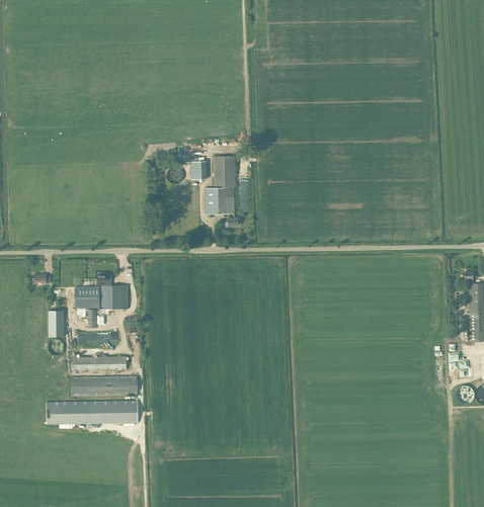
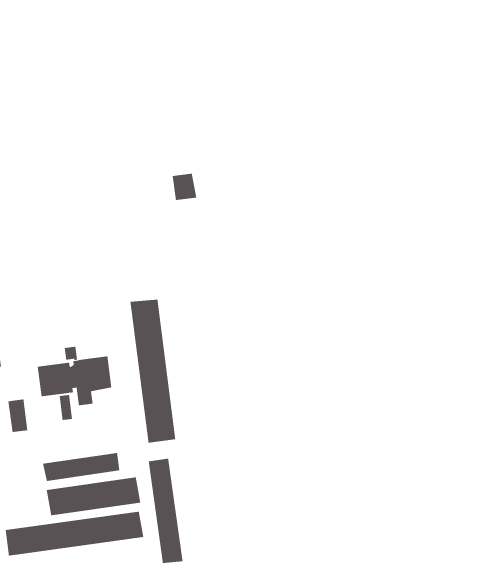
building: [206,156,238,226] -> none
building: none -> [130,299,176,443]
building: none -> [148,458,183,564]

